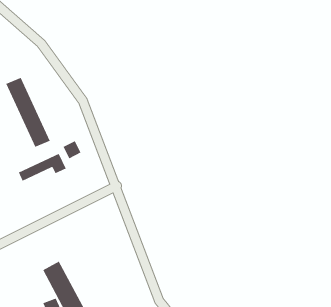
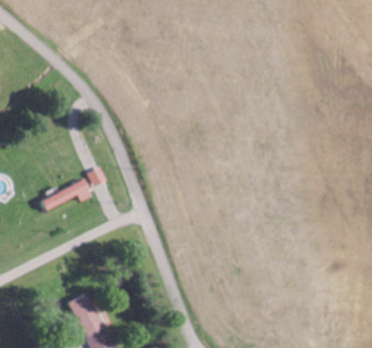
building: [5,77,51,148] -> none

